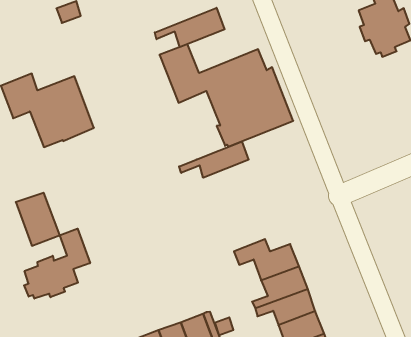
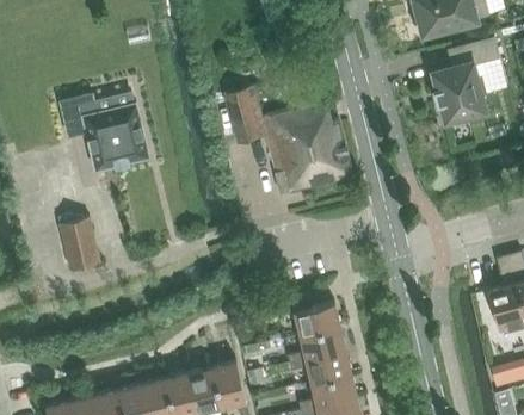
building: [155,8,225,47] -> none
building: [179,141,249,178] -> none
building: [24,229,90,299] -> none

